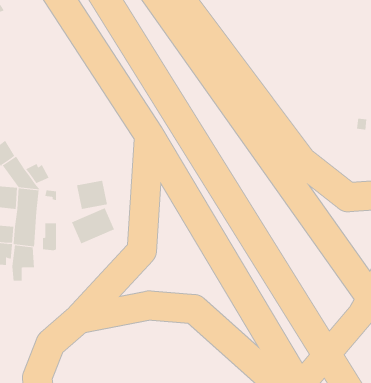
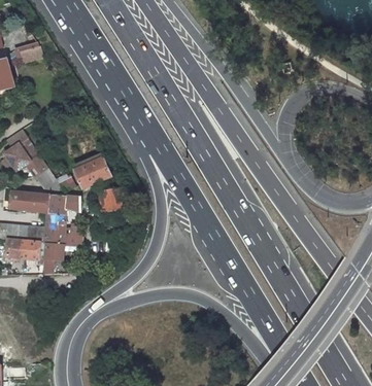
building: [71,208,115,244] -> [74,157,111,188]

